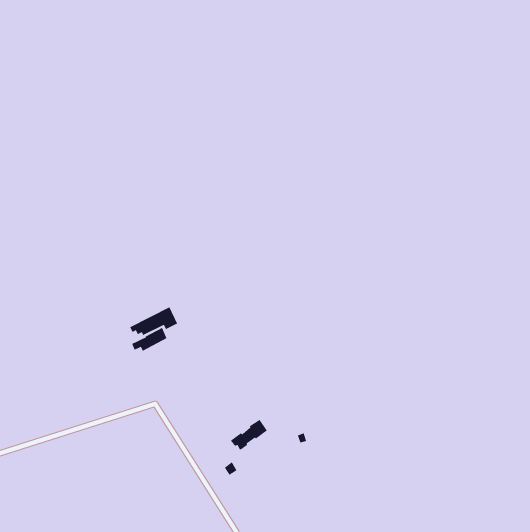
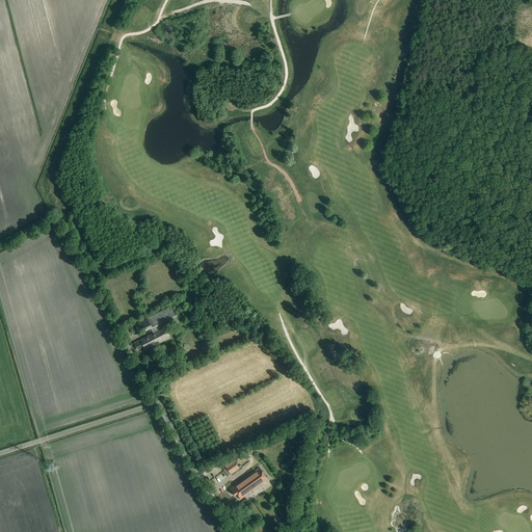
building: [230,419,268,451] -> [228,468,266,500]

